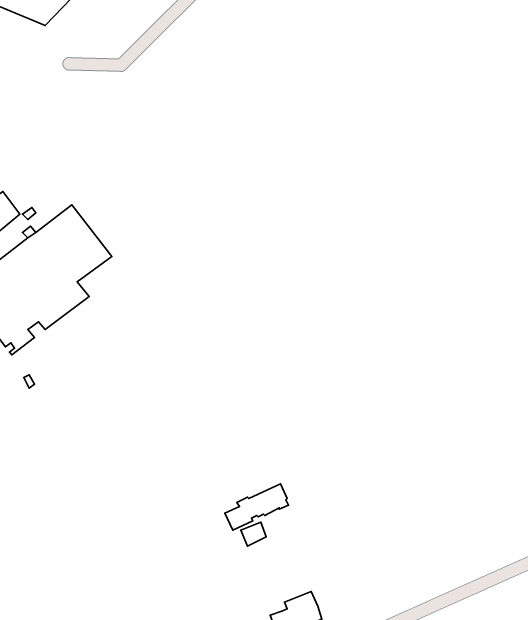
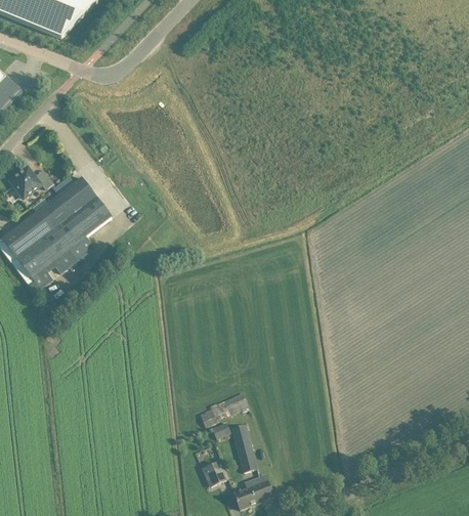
building: none -> [230,424,256,472]
building: none -> [201,461,227,485]

